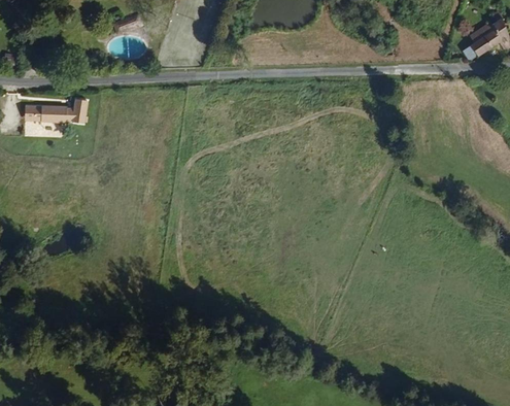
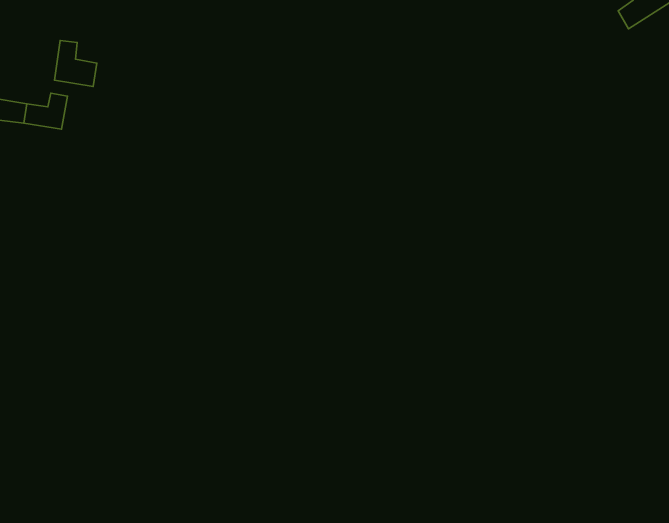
building: none -> [55,40,97,86]

